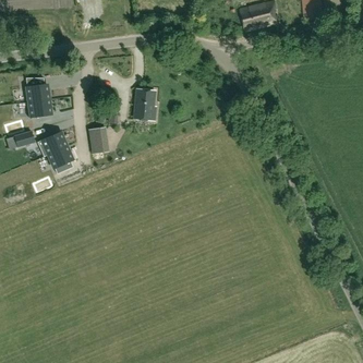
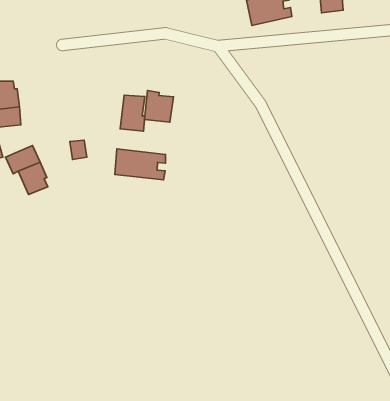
building: none -> [144,91,173,122]
building: none -> [115,149,166,180]

